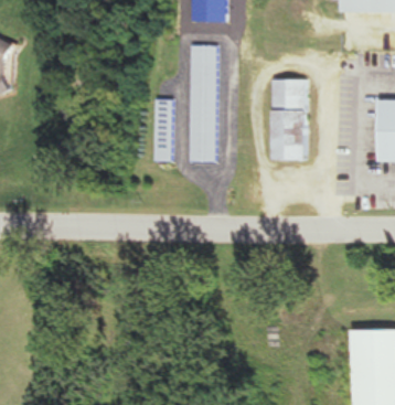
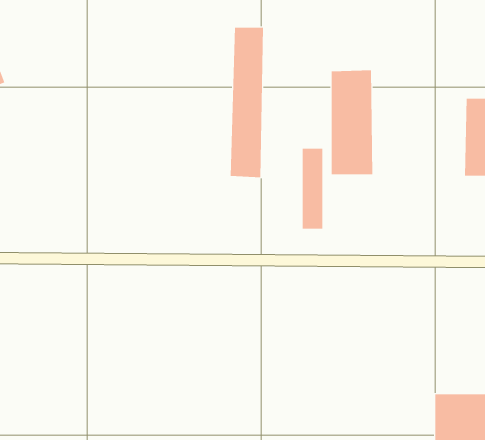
building: [161,98,178,161] -> [302,148,323,229]

